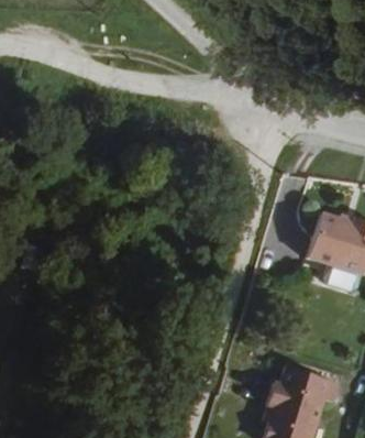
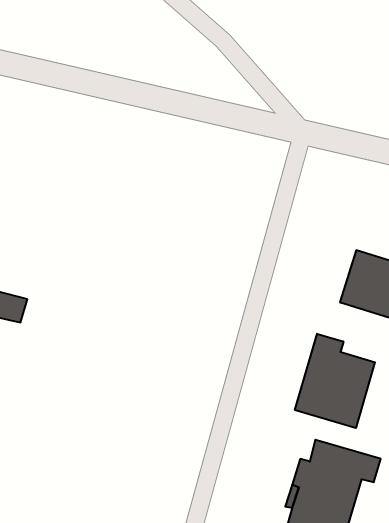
building: none -> [295,334,375,428]

